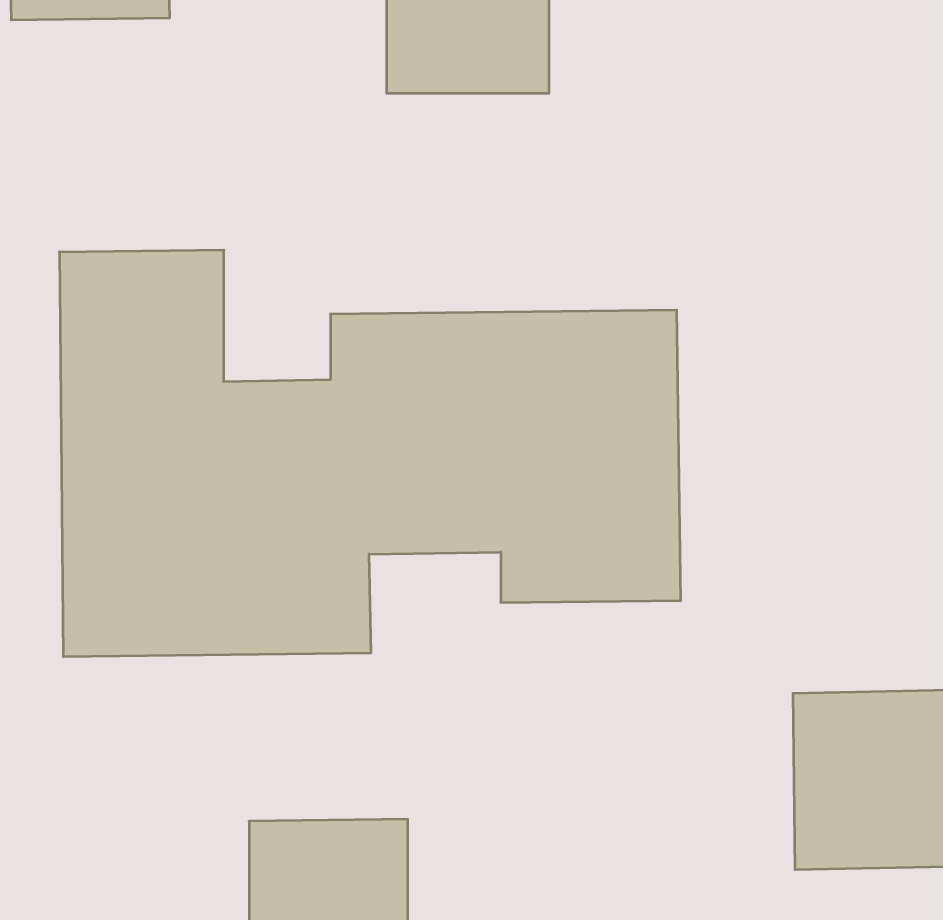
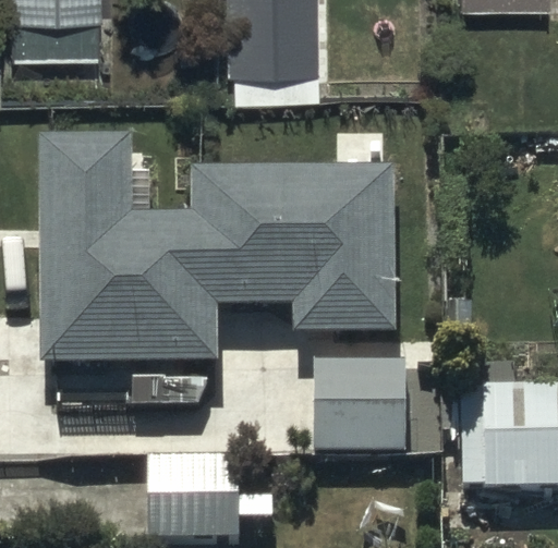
building: none -> [314,373,399,466]

